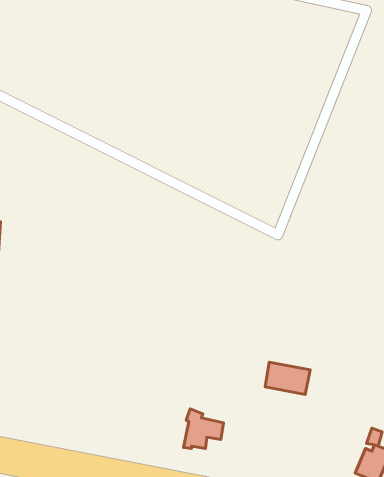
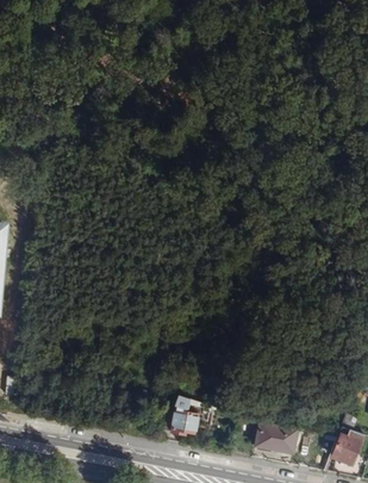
building: [265,362,310,394] -> [255,422,297,452]

